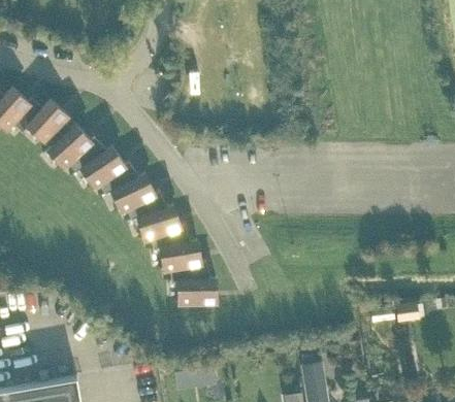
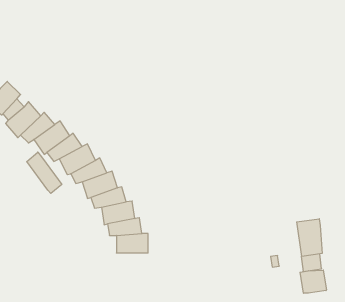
building: none -> [27,152,62,193]
building: none -> [297,219,322,256]
building: none -> [300,270,326,293]

